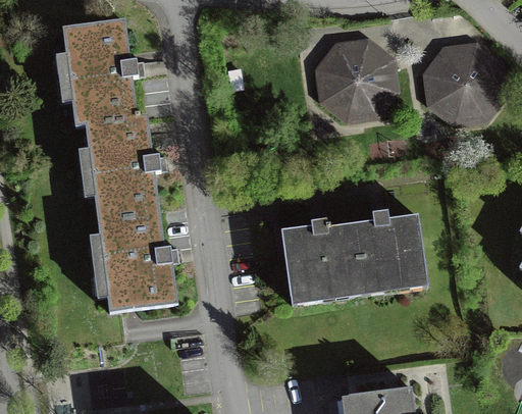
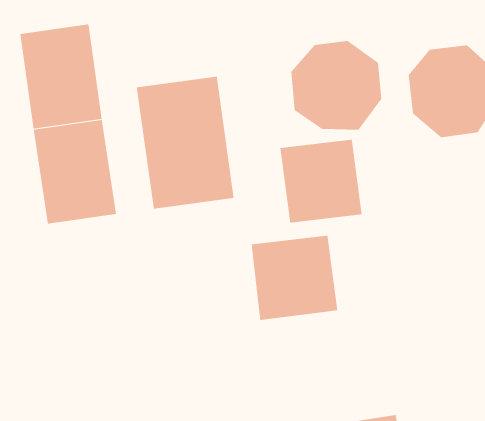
building: none -> [136,76,234,209]
building: [91,200,169,314] -> none
building: [350,211,426,289] -> [280,139,363,223]

